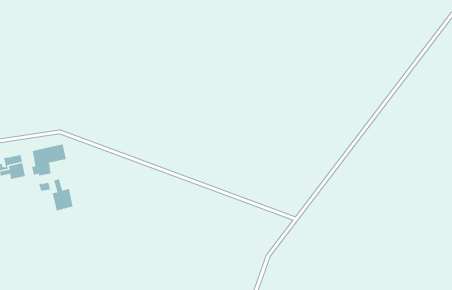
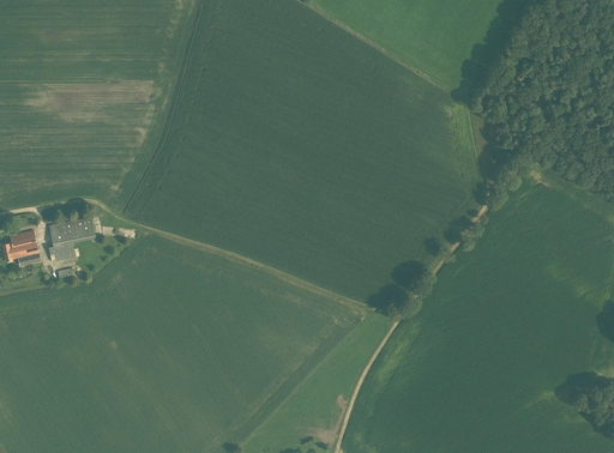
building: [52,178,74,212] -> none

